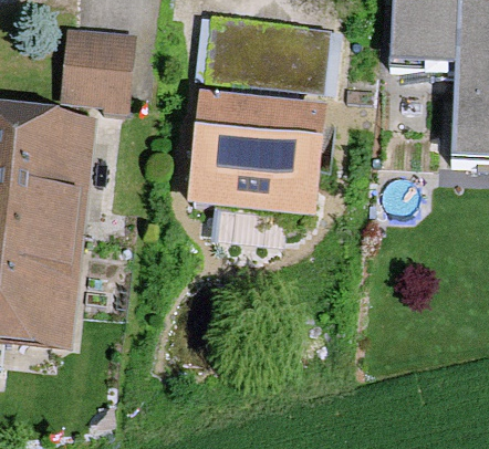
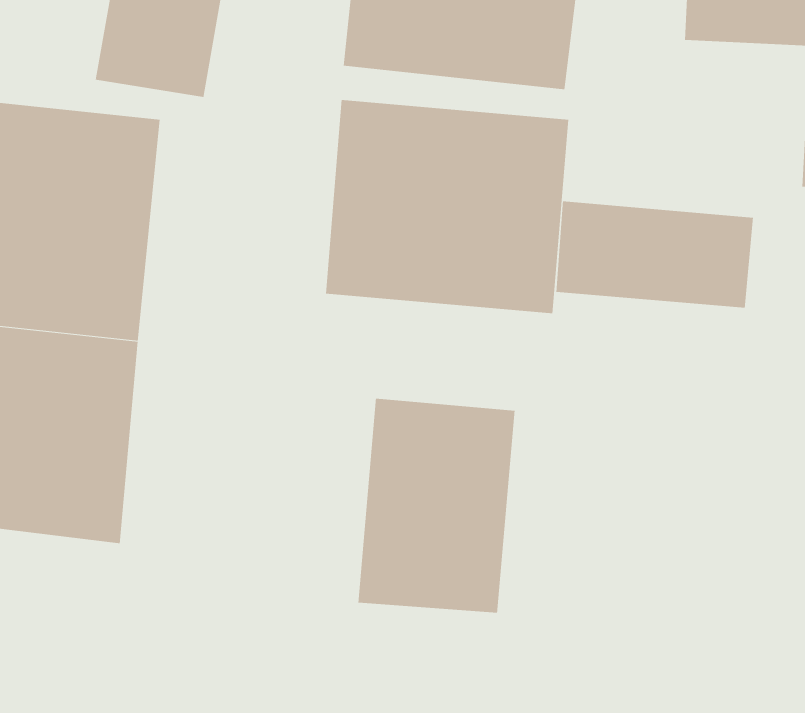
building: none -> [556,201,753,309]
building: none -> [358,398,515,614]

